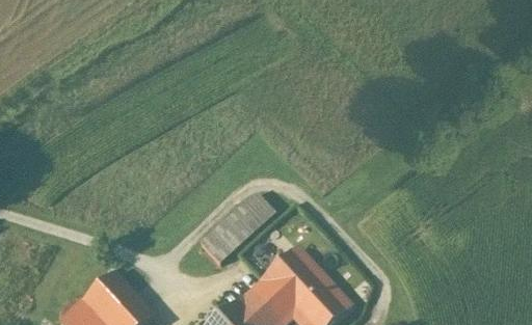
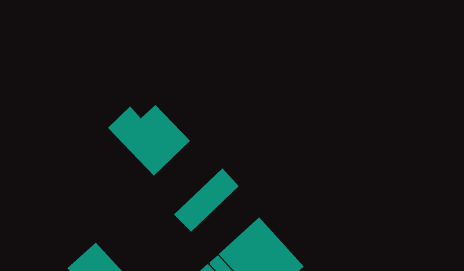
building: none -> [107,104,191,177]

